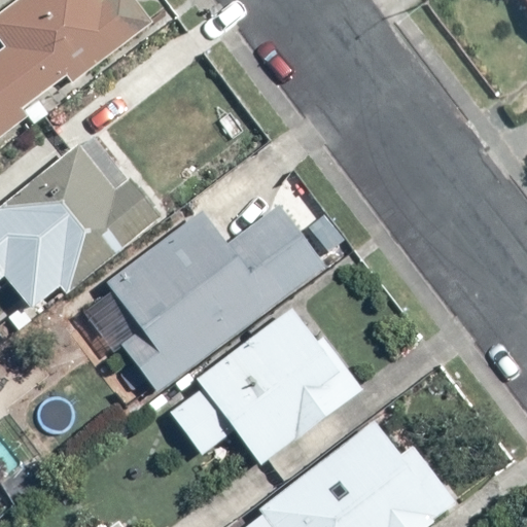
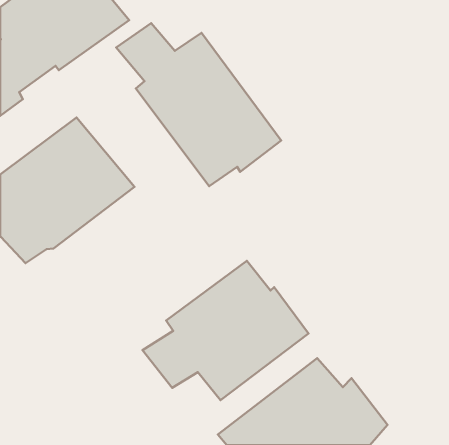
building: none -> [116,23,281,186]
building: [104,206,325,393] -> none

